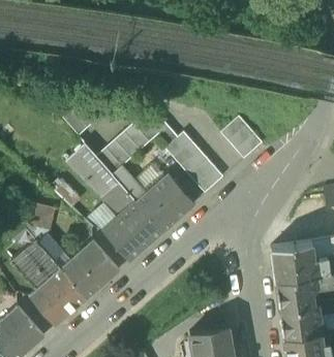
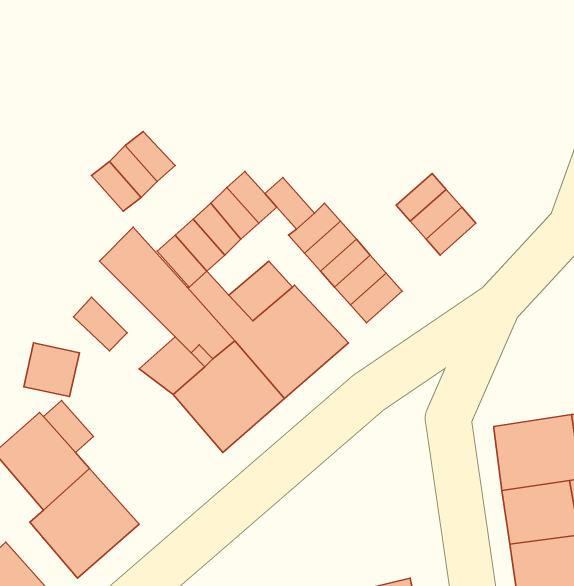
building: [61,240,119,297] -> none

